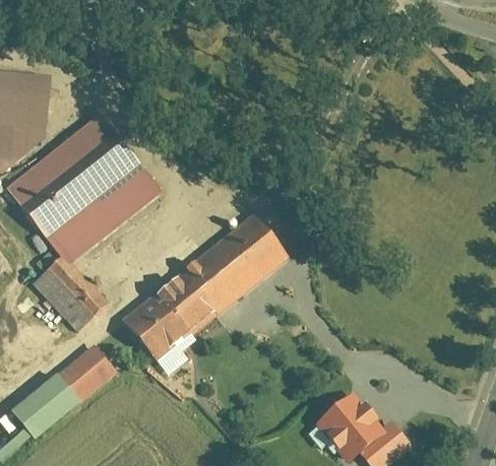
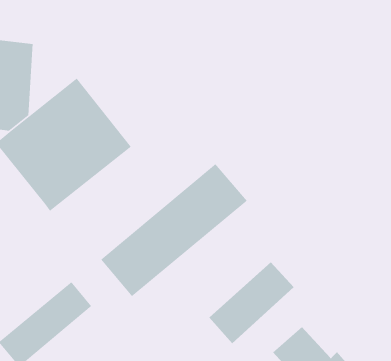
building: [35,257,104,331] -> none
building: none -> [209,262,295,344]

